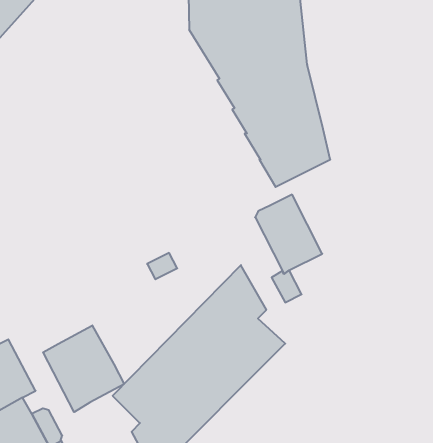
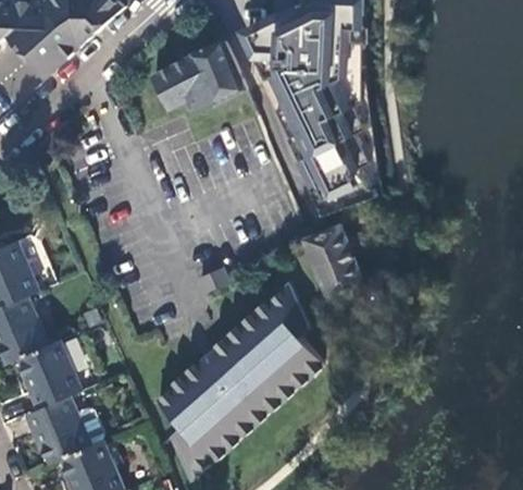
building: none -> [149,37,248,113]
building: [43,325,124,412] -> none

